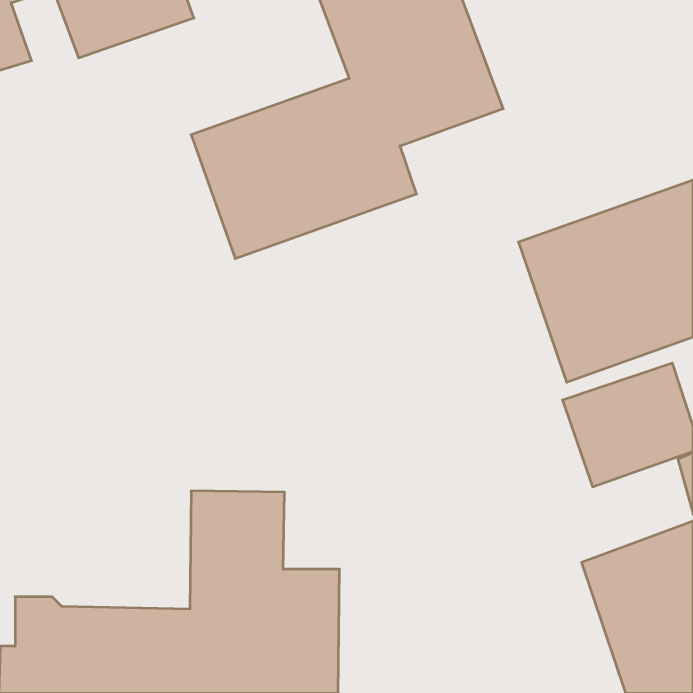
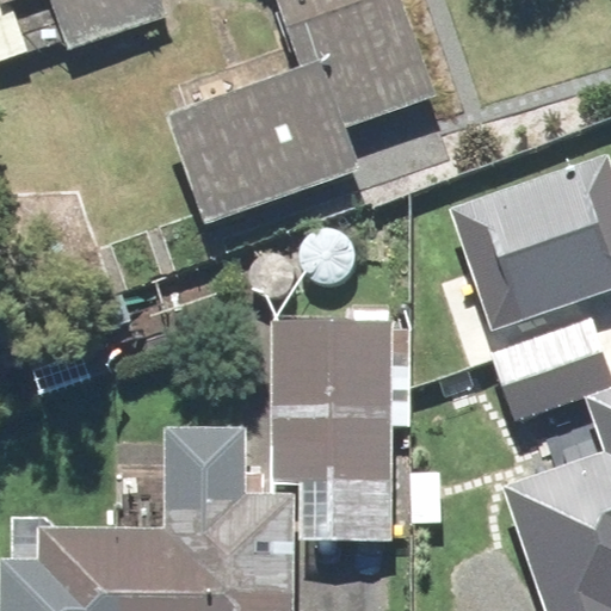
building: none -> [270,321,408,541]

